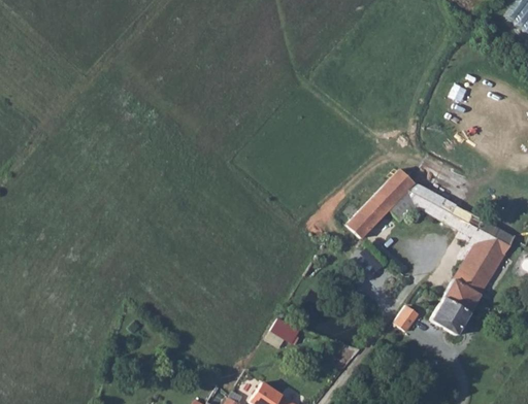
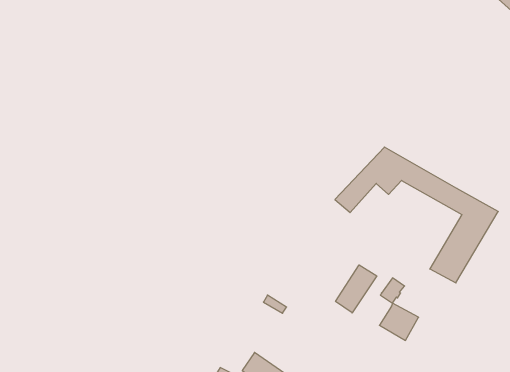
building: none -> [336,265,377,313]
building: [430,297,470,335] -> [379,303,419,340]

